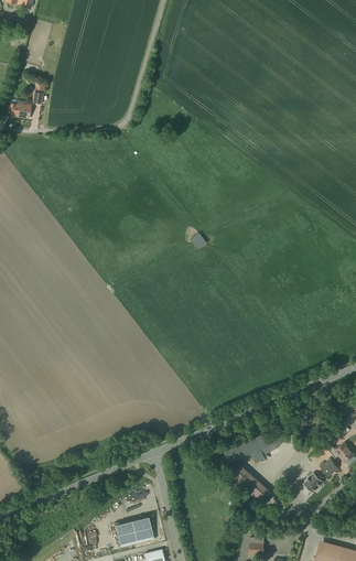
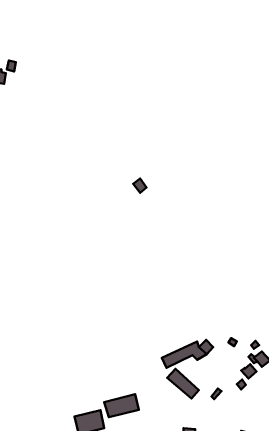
building: none -> [104,394,139,417]

